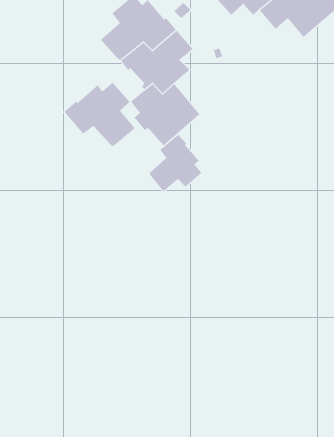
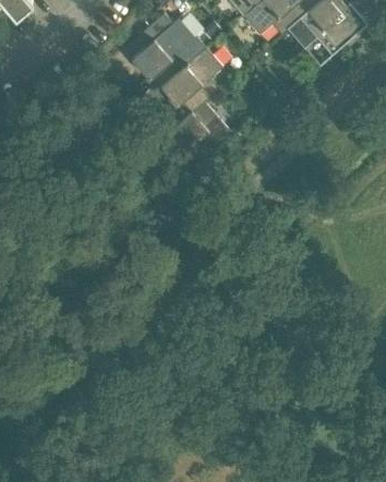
building: [64,82,136,147] -> none
building: [149,134,202,192] -> none

